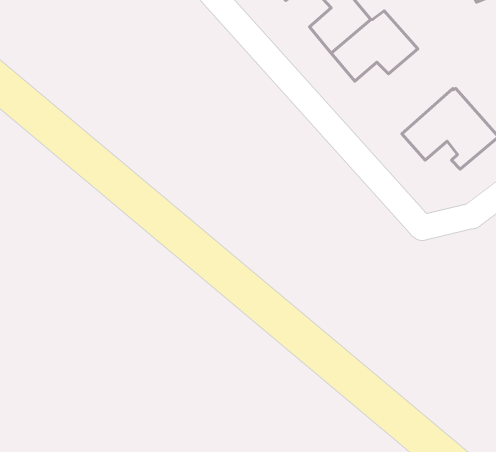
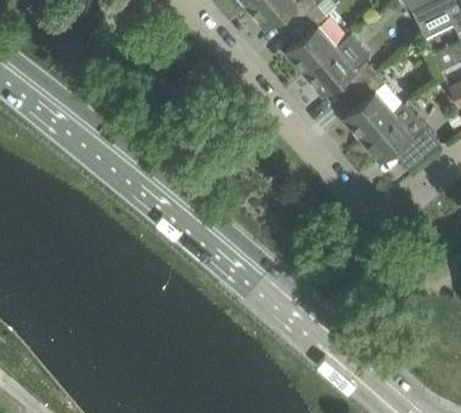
building: none -> [342,70,404,140]

